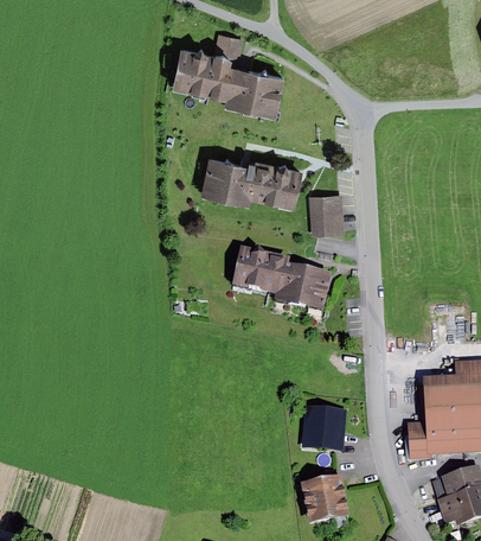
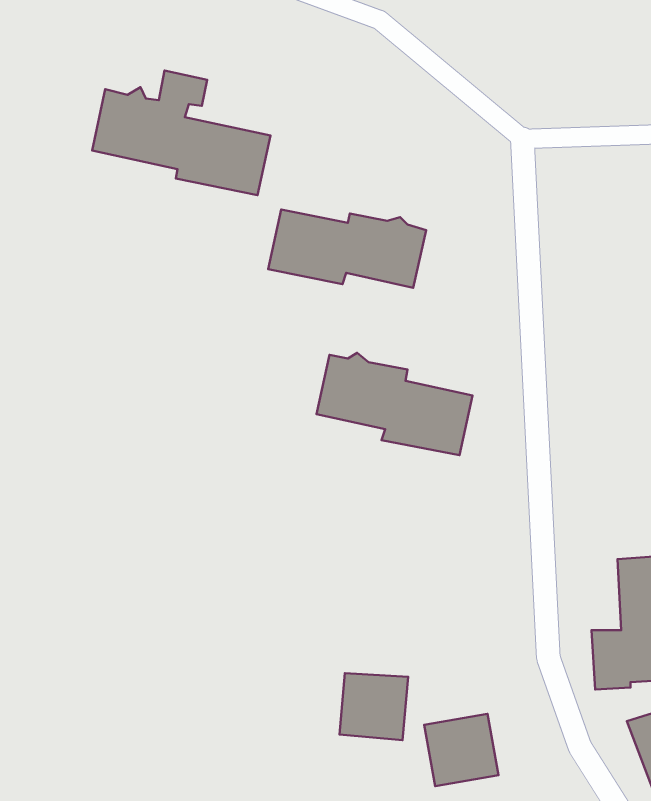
building: [172,32,286,112] -> [92,71,270,195]
building: [309,193,345,234] -> none
building: [303,408,347,451] -> [339,673,408,740]

